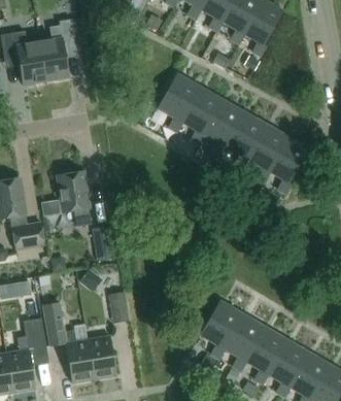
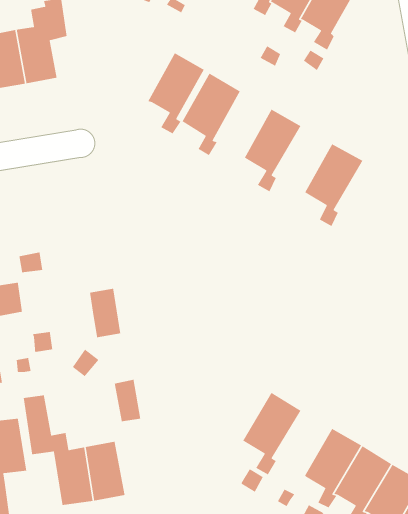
building: [180,86,221,144] -> [147,52,205,135]
building: [223,110,265,169] -> none
building: [267,135,309,195] -> none
building: [58,171,92,228] -> none
building: [223,313,265,372] -> none

